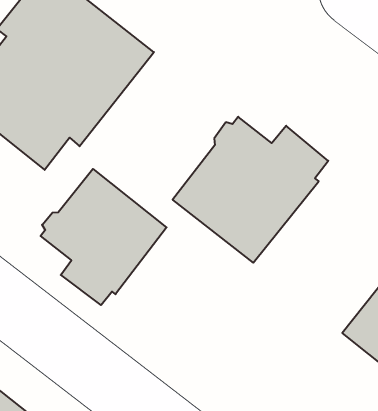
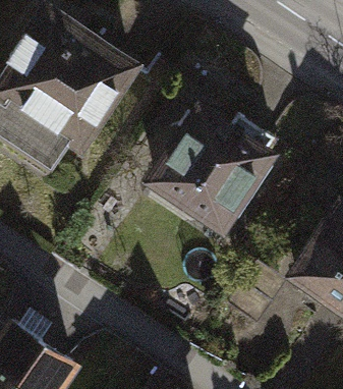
building: [41,169,167,305] -> none

